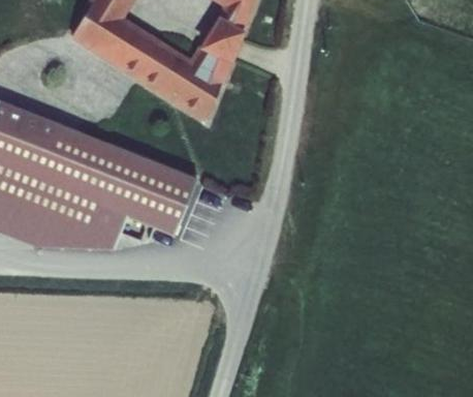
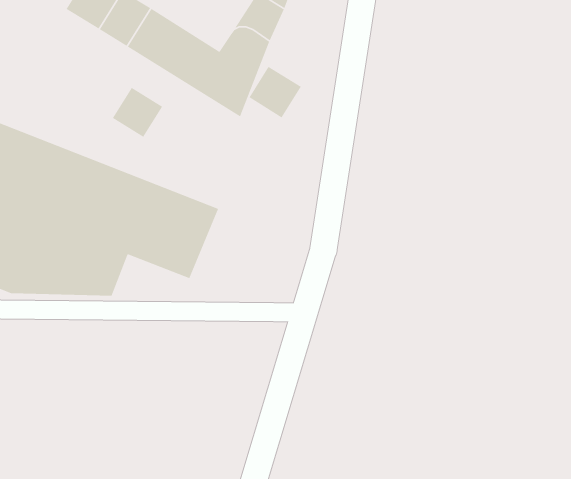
building: none -> [248,66,302,119]
building: none -> [112,87,163,138]

